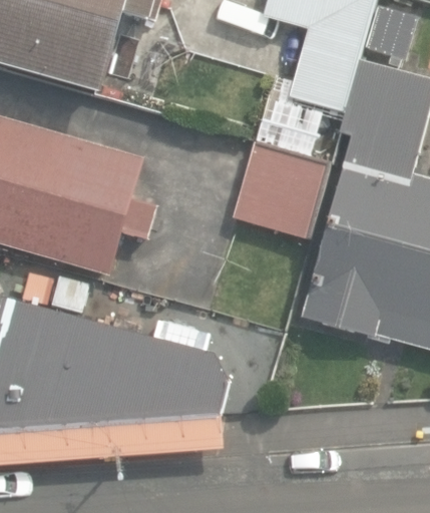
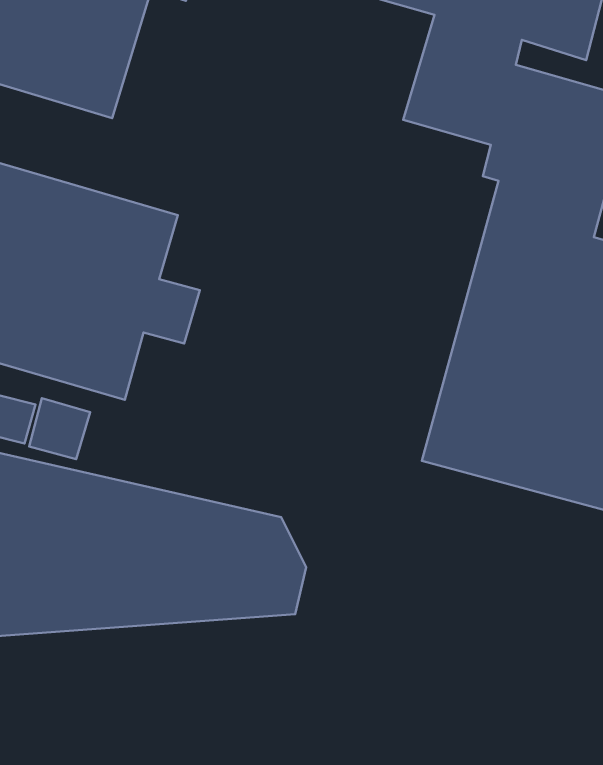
building: [233,142,331,237] -> none

